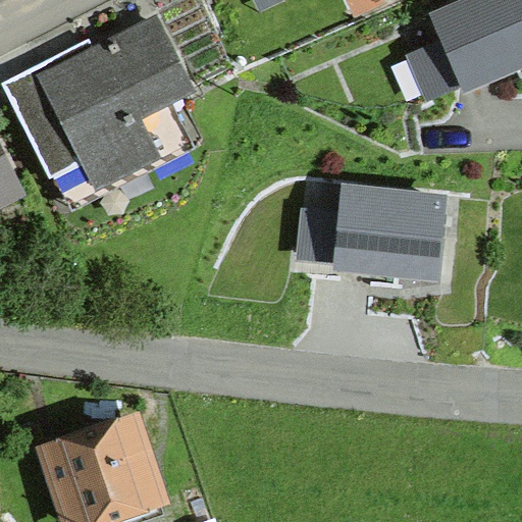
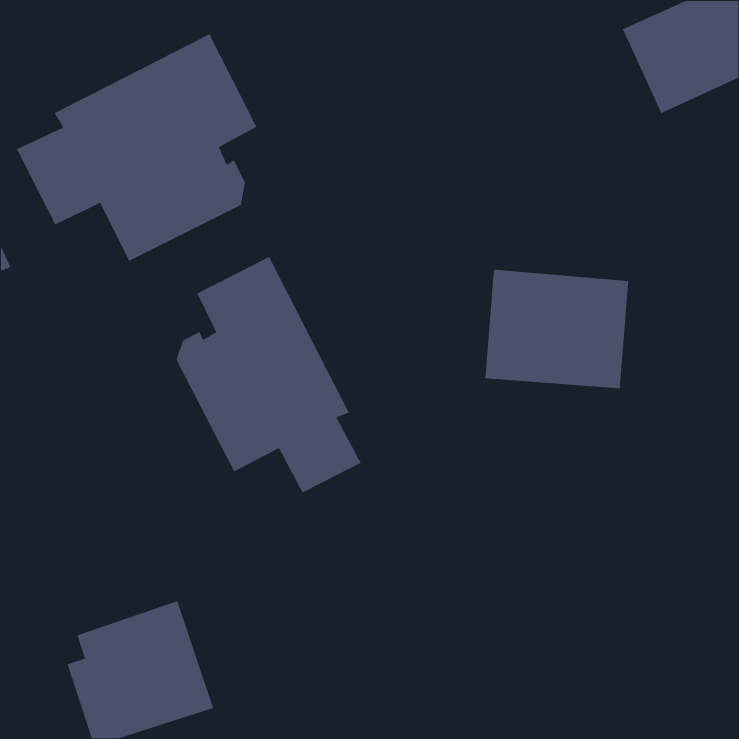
building: none -> [176,256,362,494]

